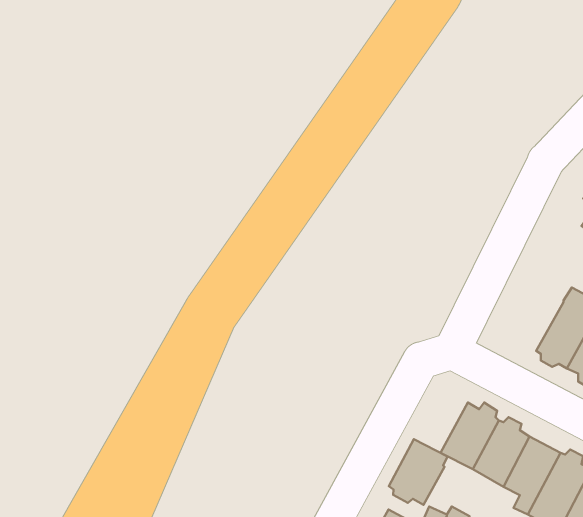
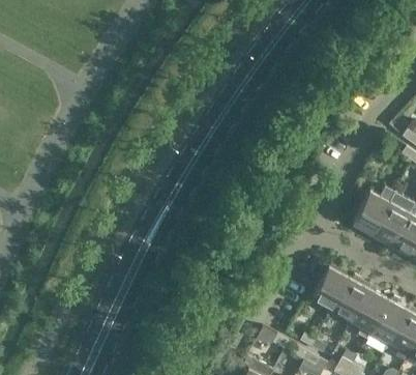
building: none -> [353,192,390,234]
building: [389,439,448,505] -> none

